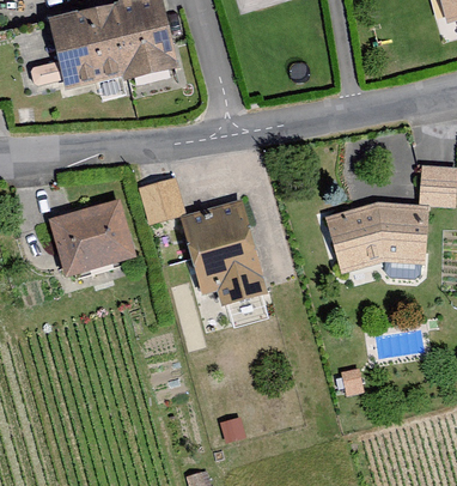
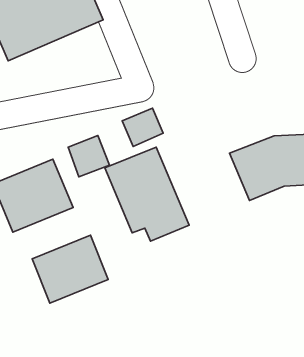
building: none -> [122,108,163,147]
building: none -> [32,235,108,303]

